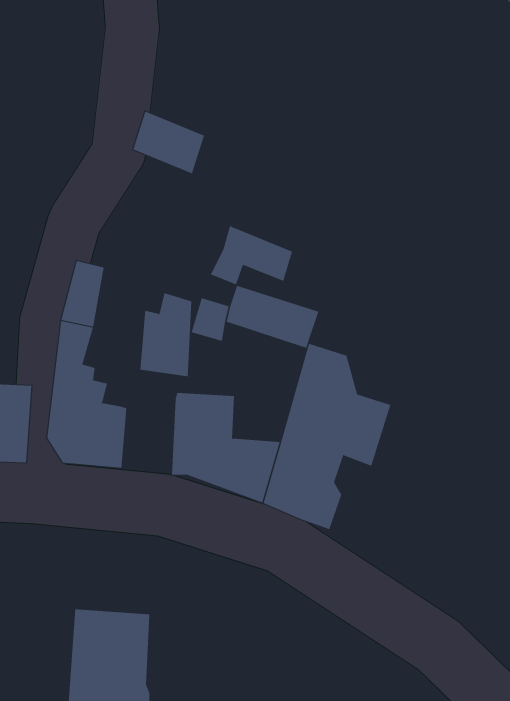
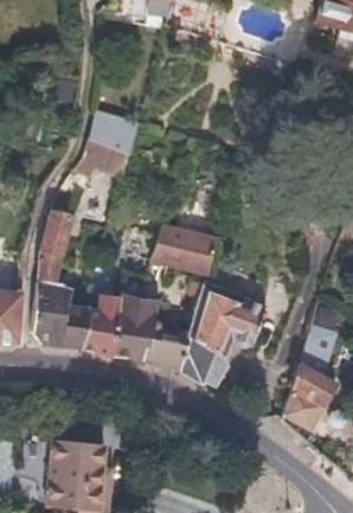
building: [210,225,293,285] -> [75,133,130,173]
building: [139,292,192,377] -> [83,296,118,353]
building: none -> [283,332,336,427]

